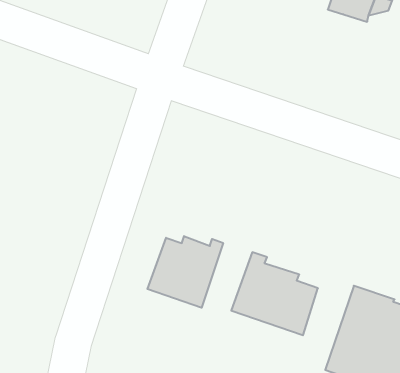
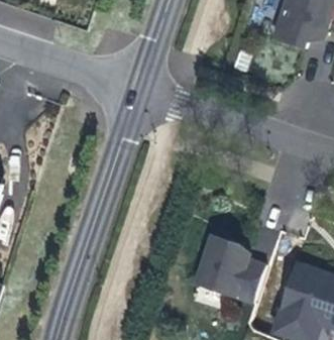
building: [147,236,223,308] -> none

